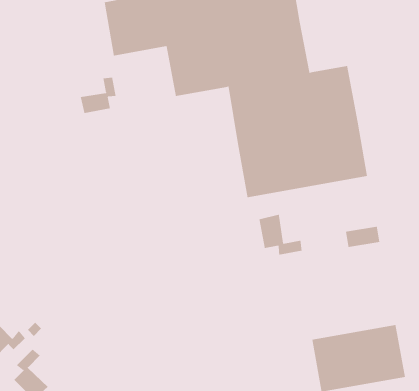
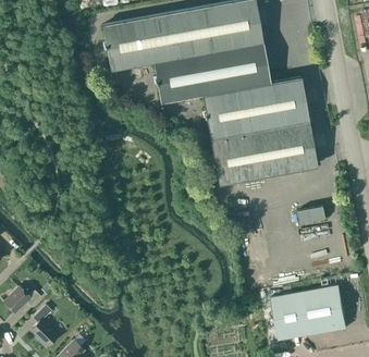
building: [80,77,116,114] -> none
building: [259,214,302,255] -> none

